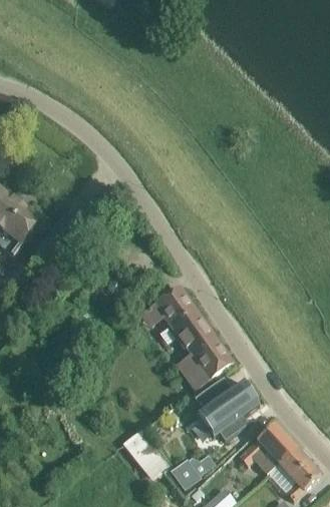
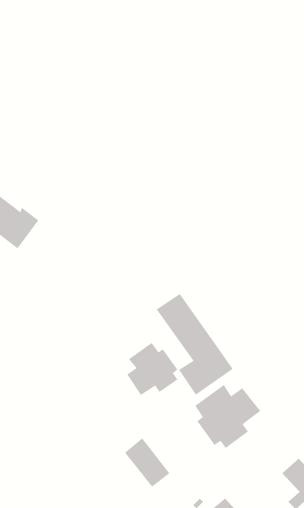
building: none -> [127,342,178,396]
building: [240,426,296,475] -> none
building: [169,460,199,491] -> none

